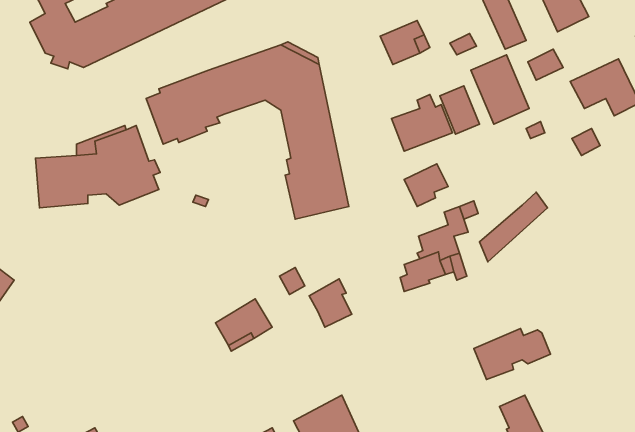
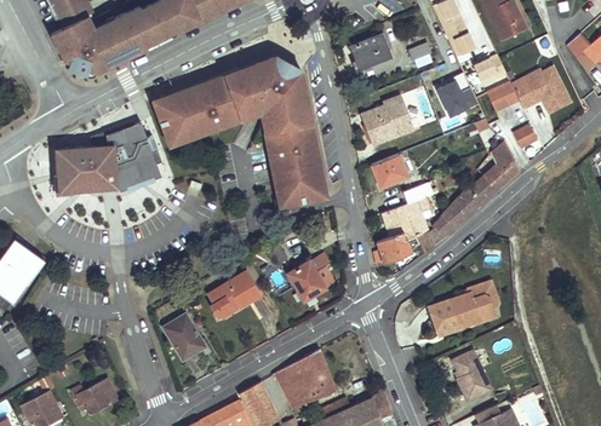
building: none -> [487,81,521,111]
building: none -> [217,100,273,145]
building: none -> [479,140,513,192]
building: none -> [162,316,206,363]

